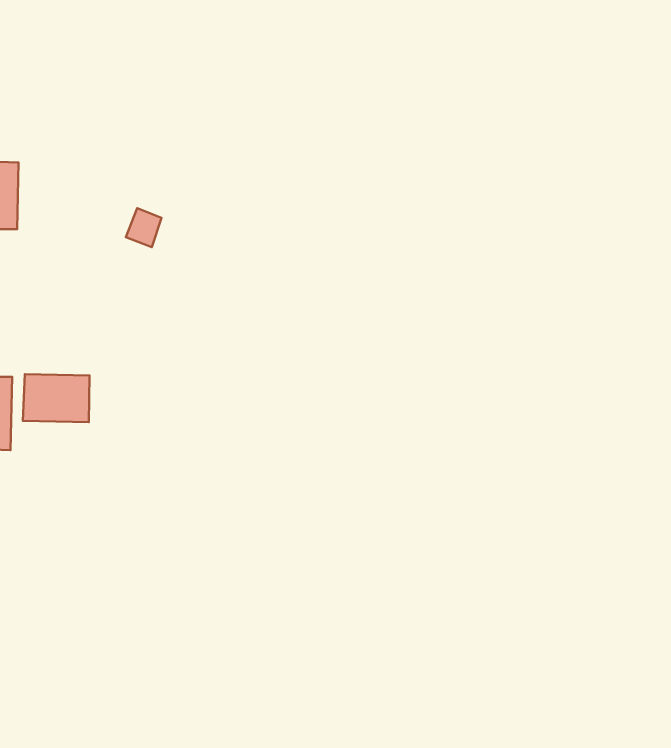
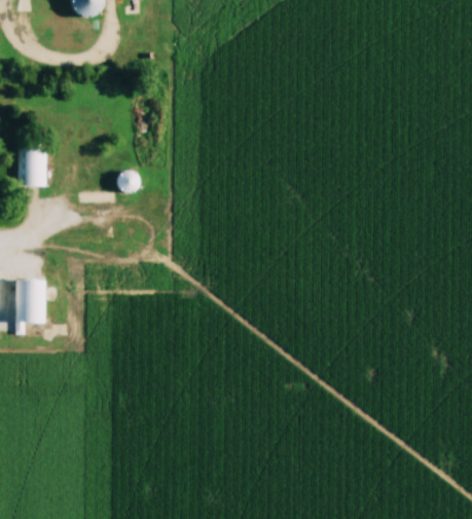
building: [23,374,89,422] -> none

